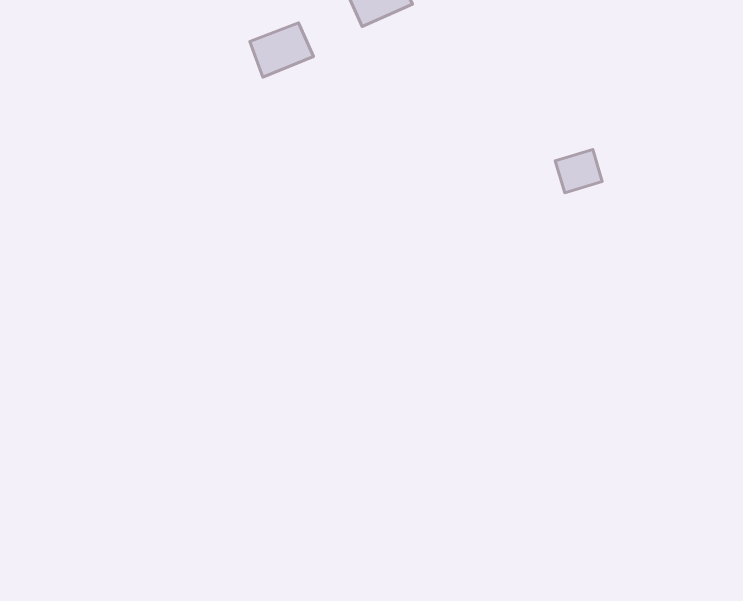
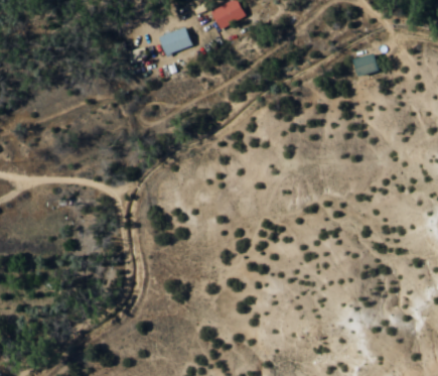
building: [555,150,602,193] -> [354,52,380,76]

